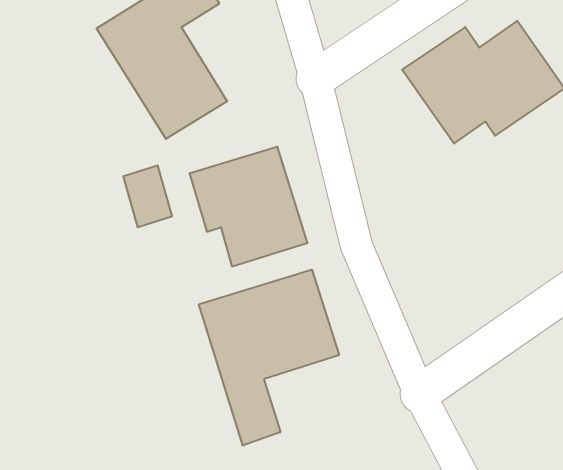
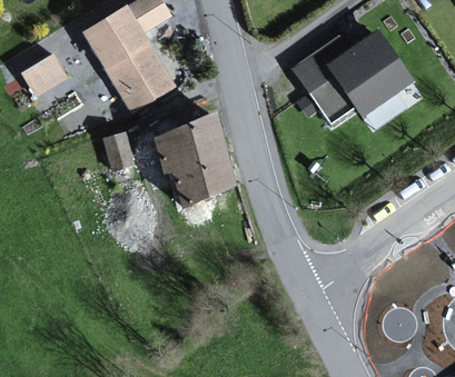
building: none -> [20,57,66,100]
building: [199,270,339,446] -> none

